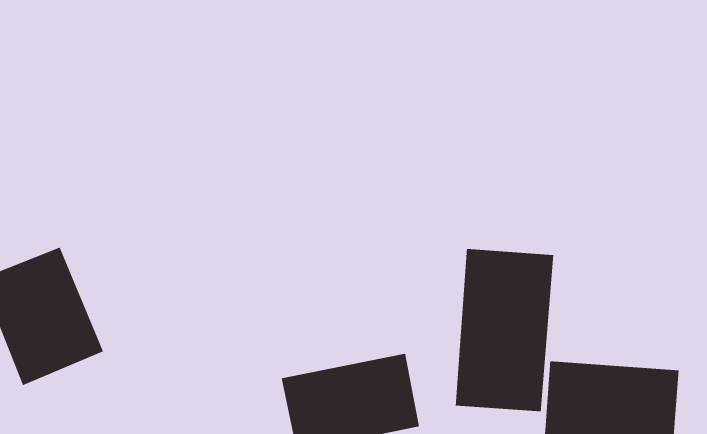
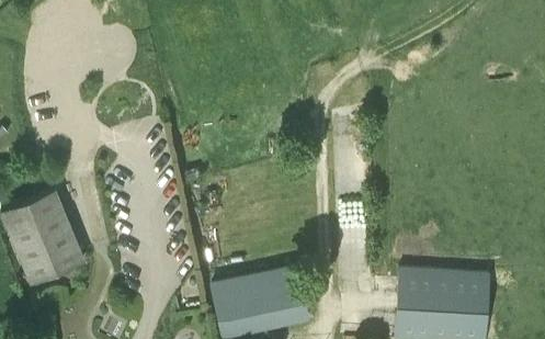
building: [455,248,554,412] -> none

